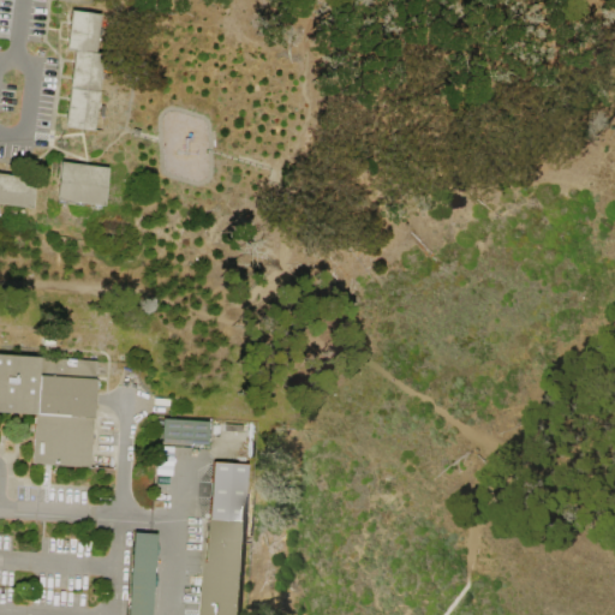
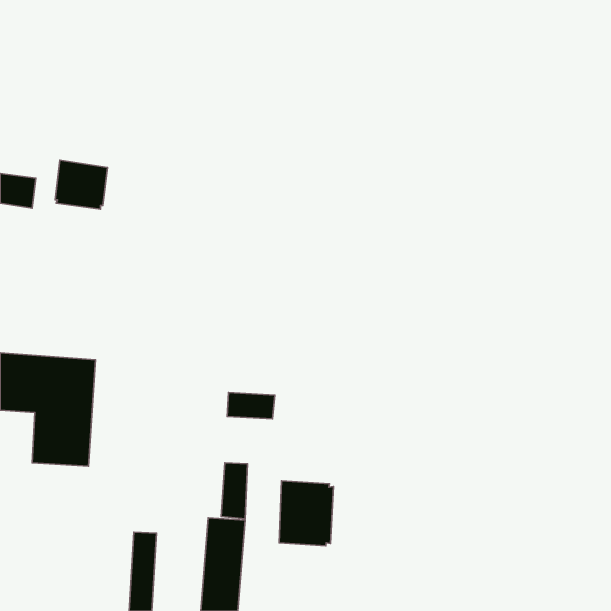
building: [65,10,105,131] -> none
building: [162,419,210,446] -> [227,393,275,419]
building: none -> [279,481,333,546]

